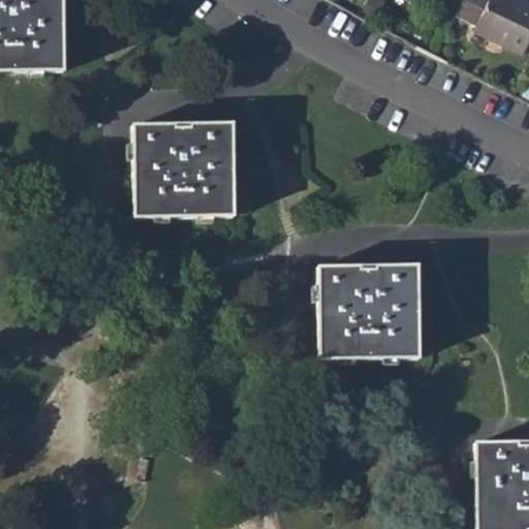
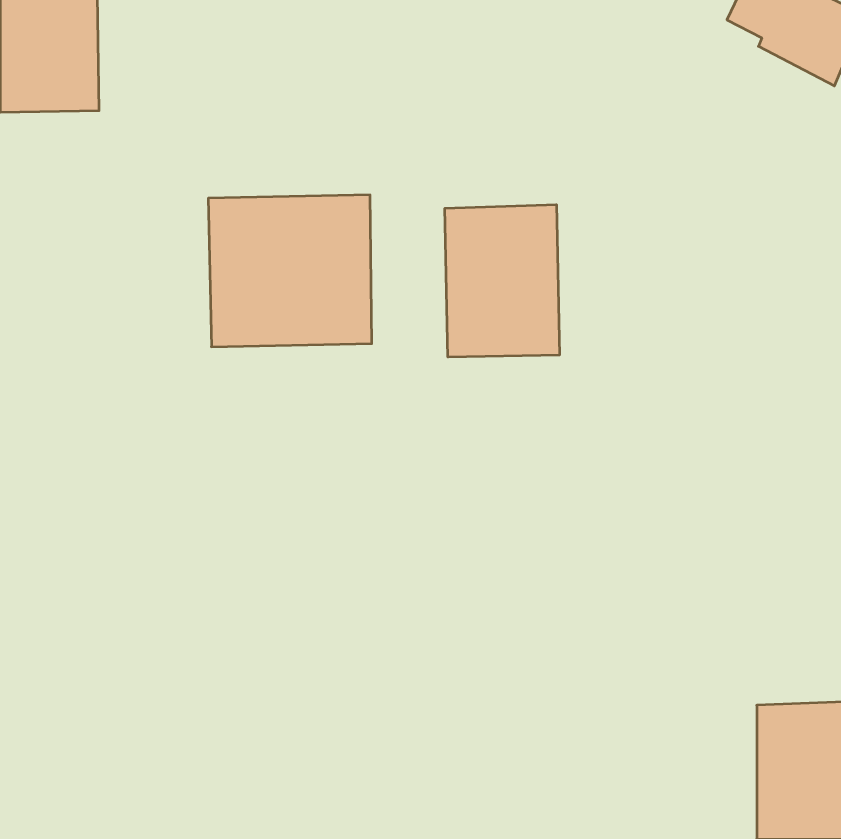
building: none -> [445,205,559,357]
building: [318,264,418,359] -> none

